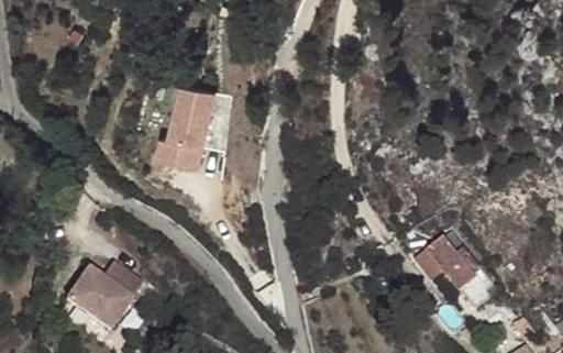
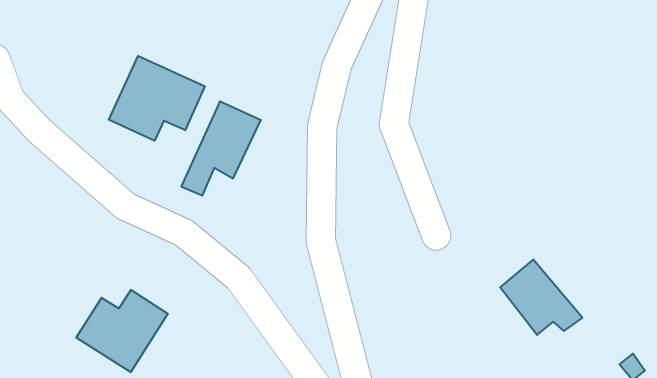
building: none -> [109,56,205,141]

